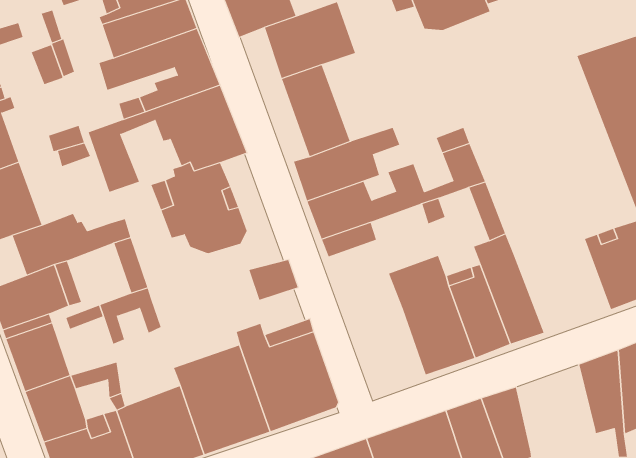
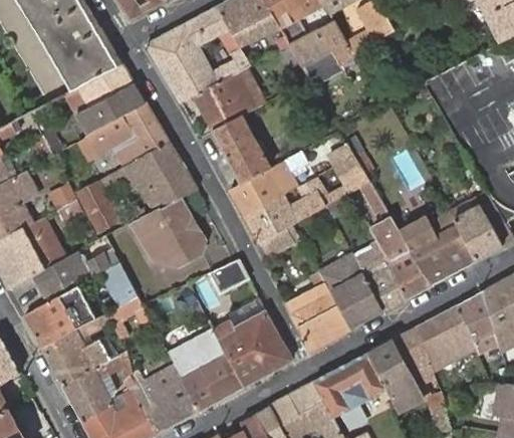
building: none -> [401,212,476,284]
building: none -> [286,283,349,351]
building: none -> [417,303,478,372]

